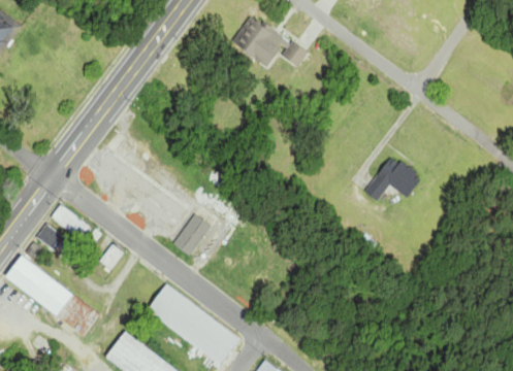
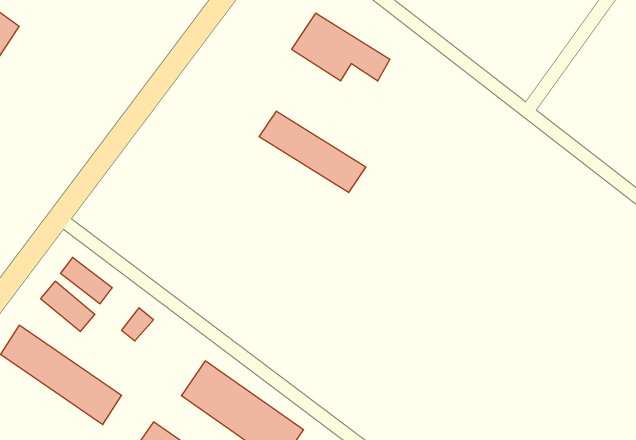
building: none -> [259,111,366,193]
building: [364,155,422,200] -> none
building: [172,214,212,255] -> none

